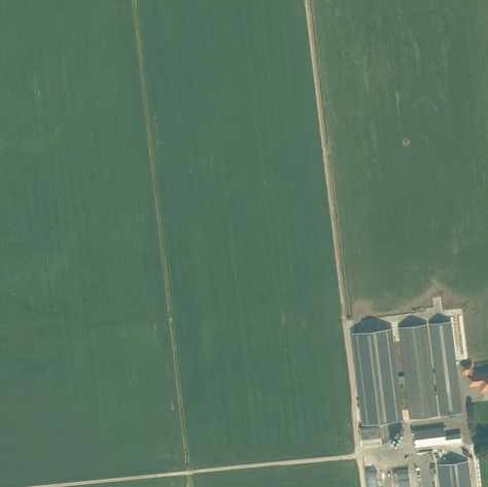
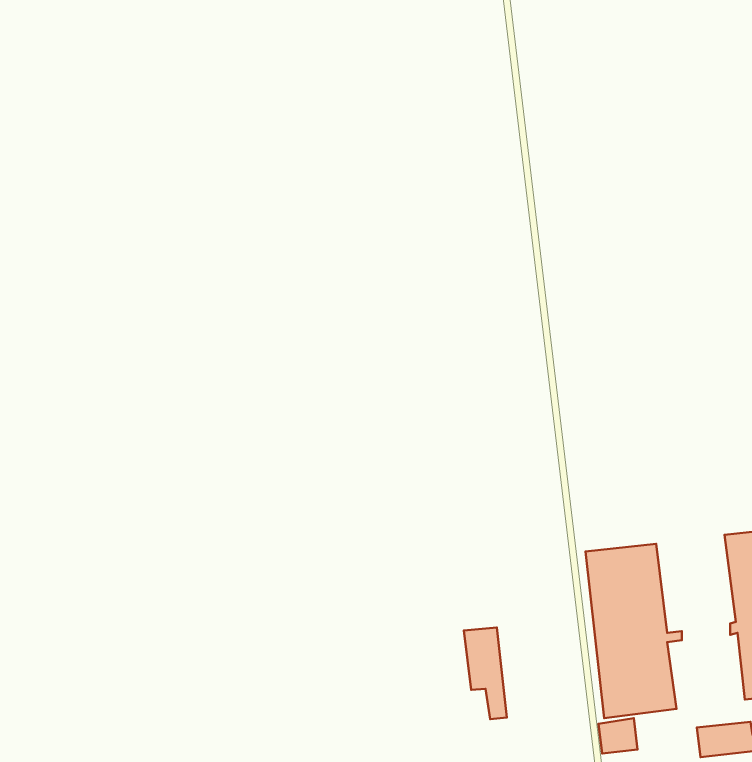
building: [399,325,438,420] -> none
building: none -> [464,627,507,719]

